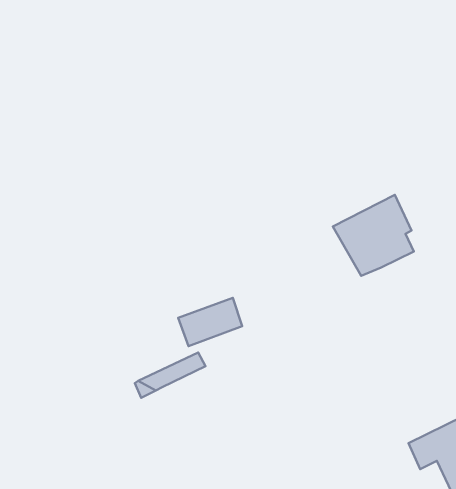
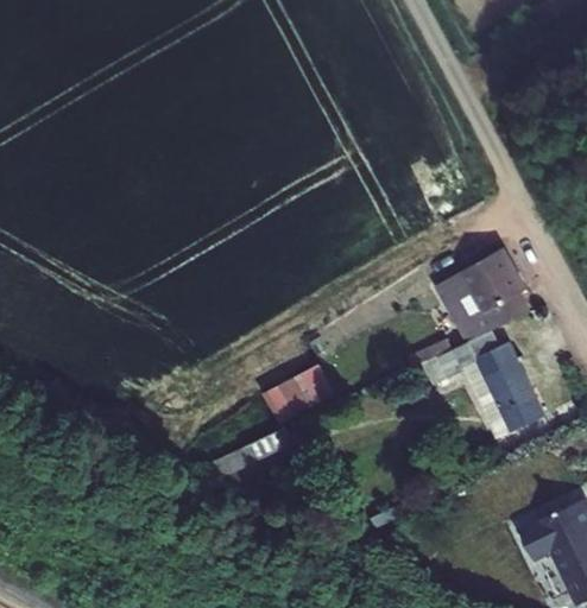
building: none -> [423,331,544,437]

